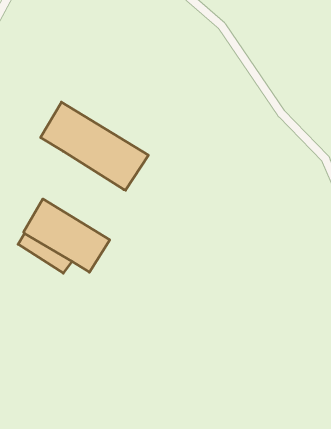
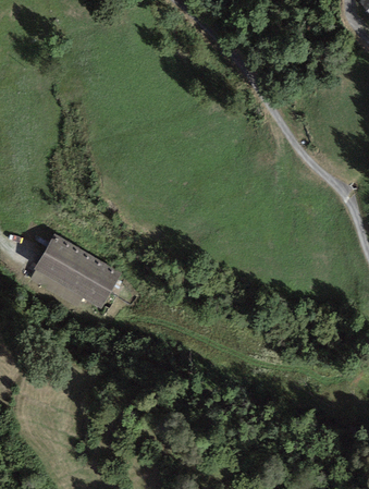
building: [41,102,148,190] -> none

